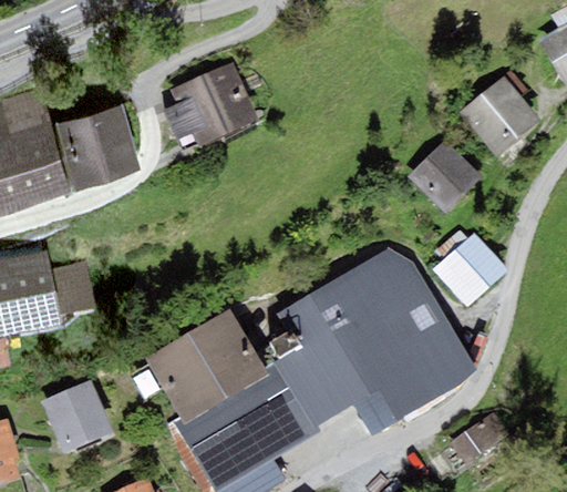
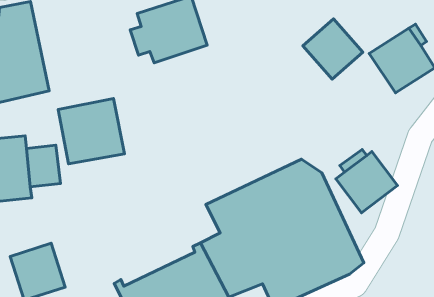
building: [55,104,142,189] -> [58,98,125,164]
building: [408,139,482,213] -> [303,19,363,79]
building: [145,307,268,424] -> none

